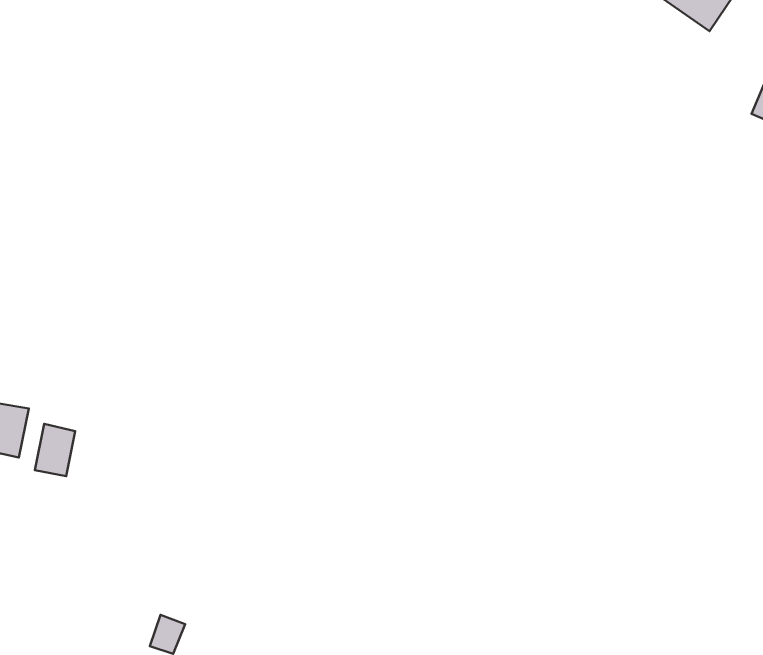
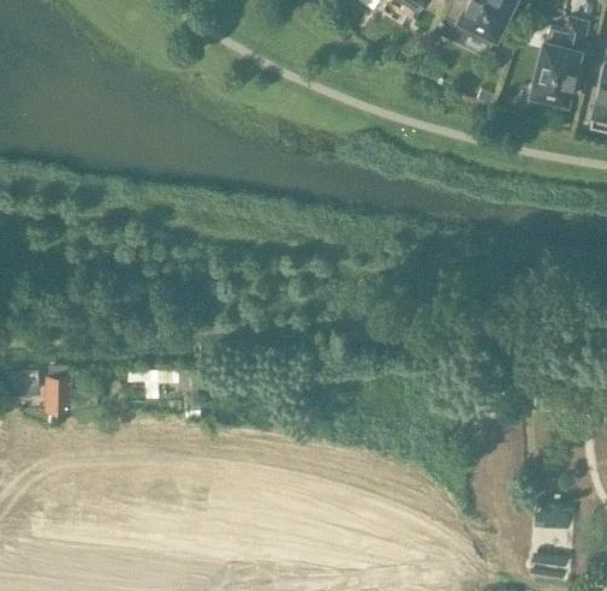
building: [35,424,75,476] -> none

